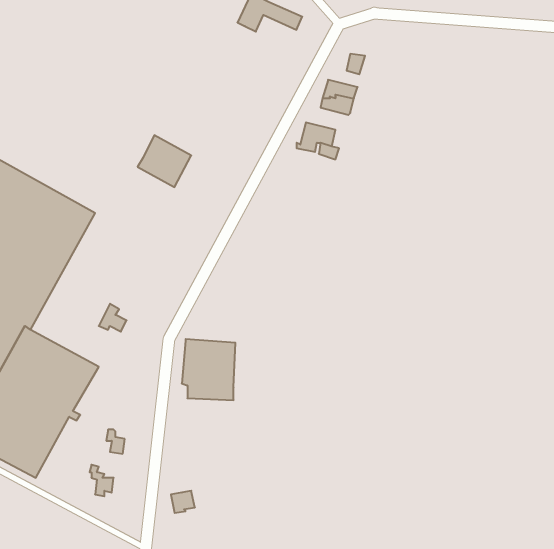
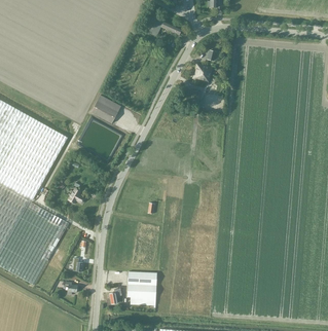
building: [182,339,235,400] -> [127,271,157,305]

